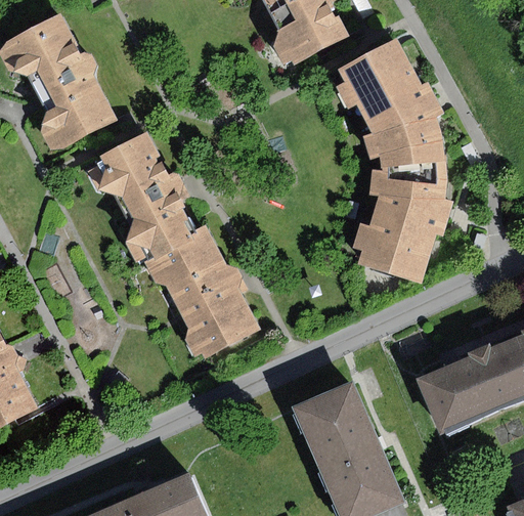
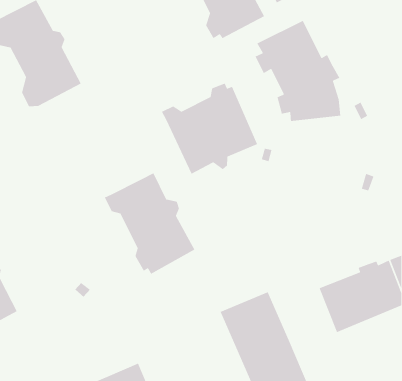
building: none -> [161,82,258,175]
building: [97,132,190,259] -> none
building: [351,161,452,284] -> none

